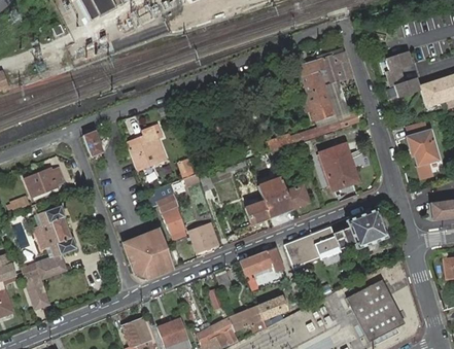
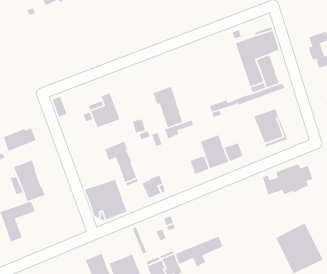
building: none -> [153,86,183,128]
building: [284,226,338,267] -> none
building: [239,248,282,274] -> none

